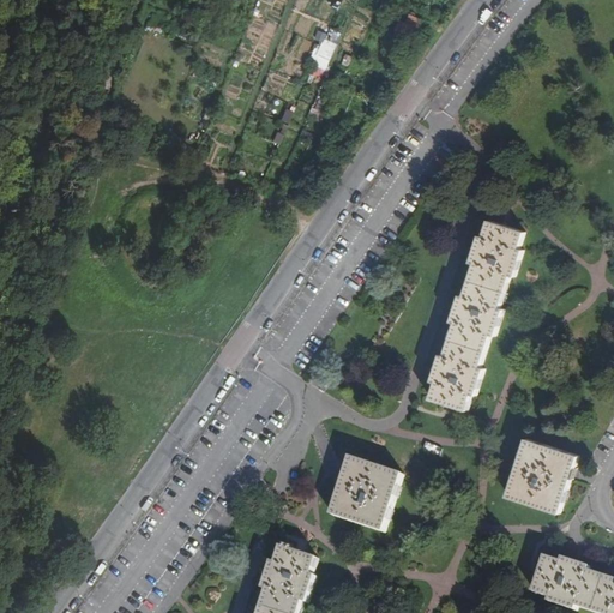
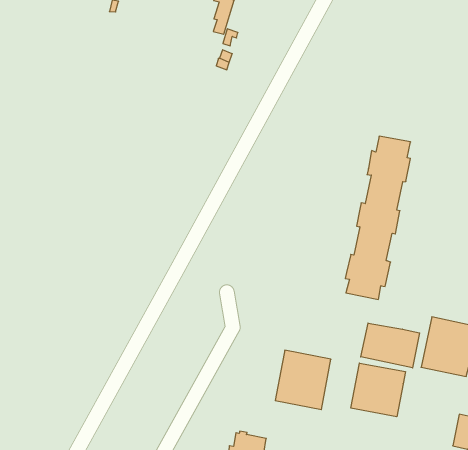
building: none -> [361,323,420,368]
building: none -> [351,363,405,417]

